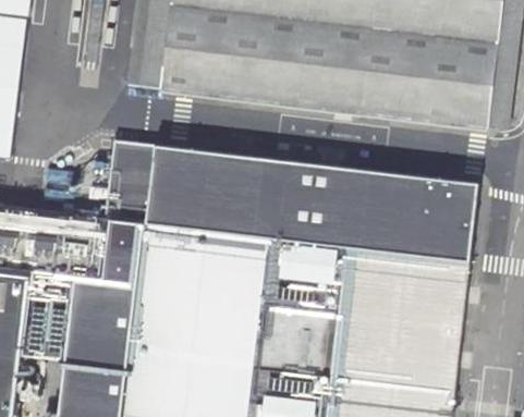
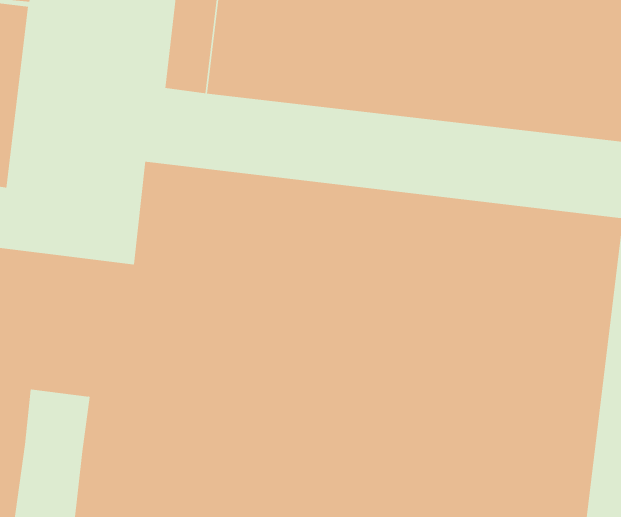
building: [24,314,72,360] -> none

